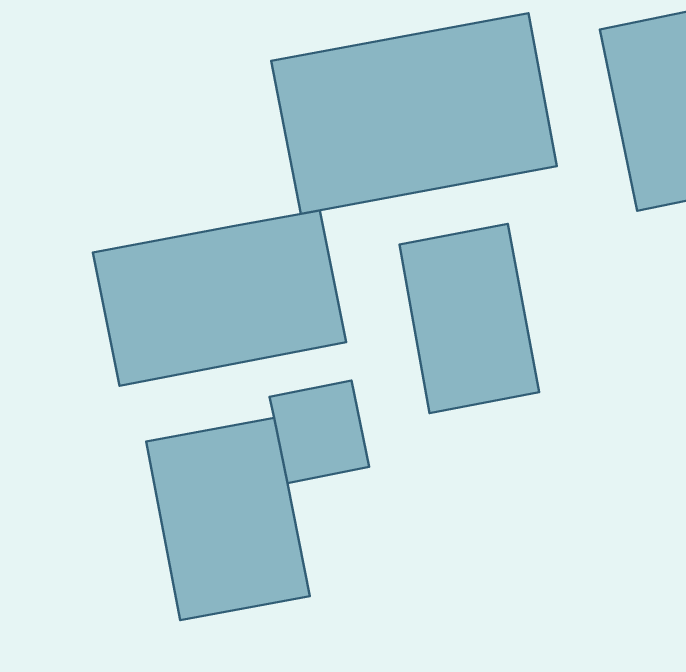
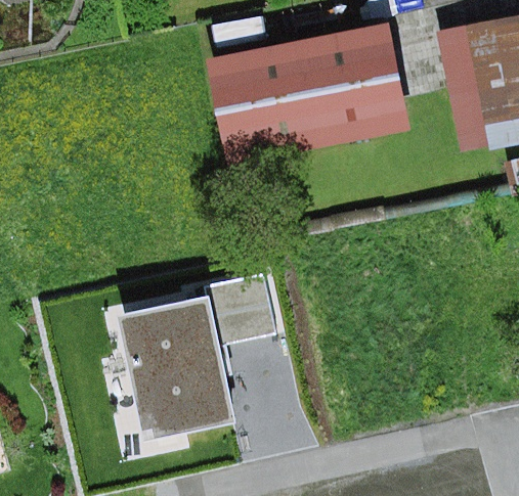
building: [93,210,346,386] -> none
building: [400,224,539,413] -> none

